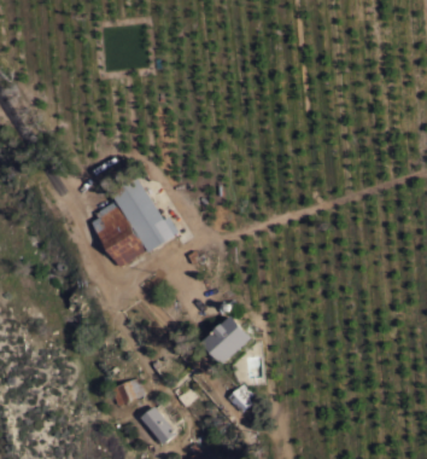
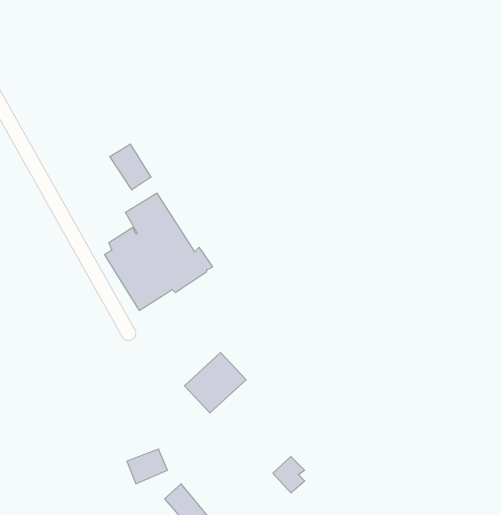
building: none -> [110,144,151,190]
building: [203,316,252,365] -> [184,353,246,413]

